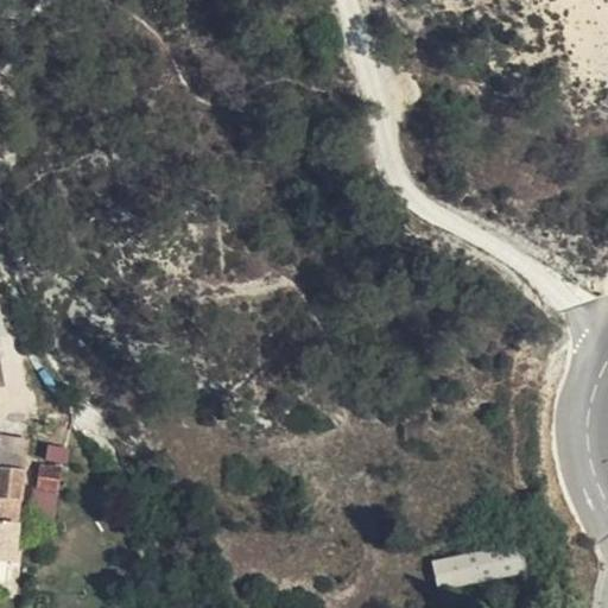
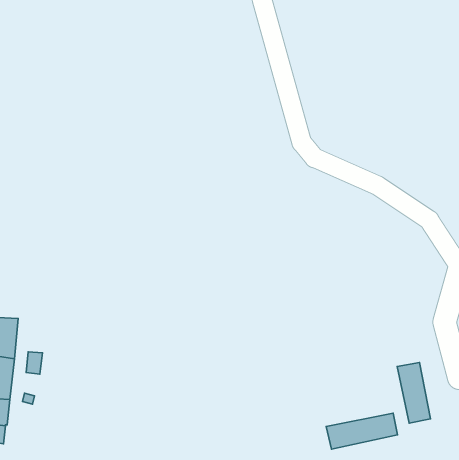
building: none -> [397,363,430,423]

